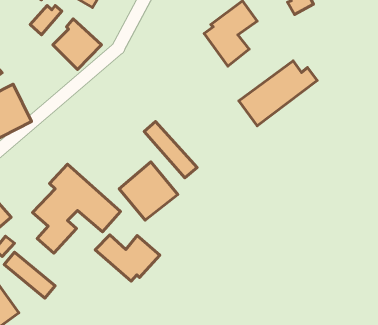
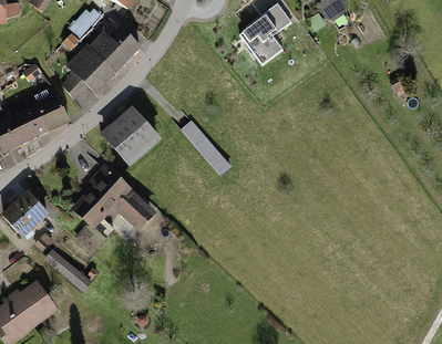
building: none -> [59,43,114,96]
building: [239,61,317,126] -> none
building: [119,162,178,220] -> [103,106,161,164]
building: [95,235,160,281] -> none

